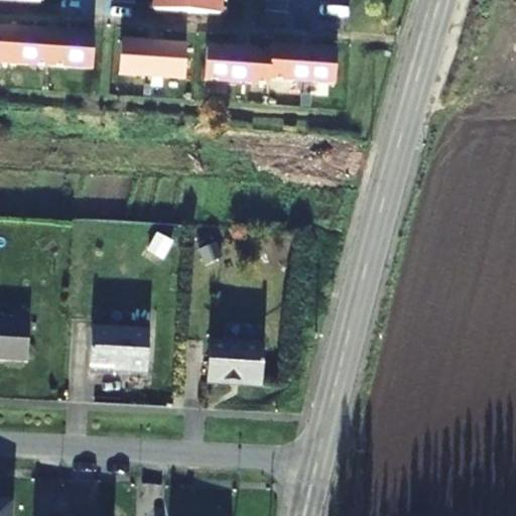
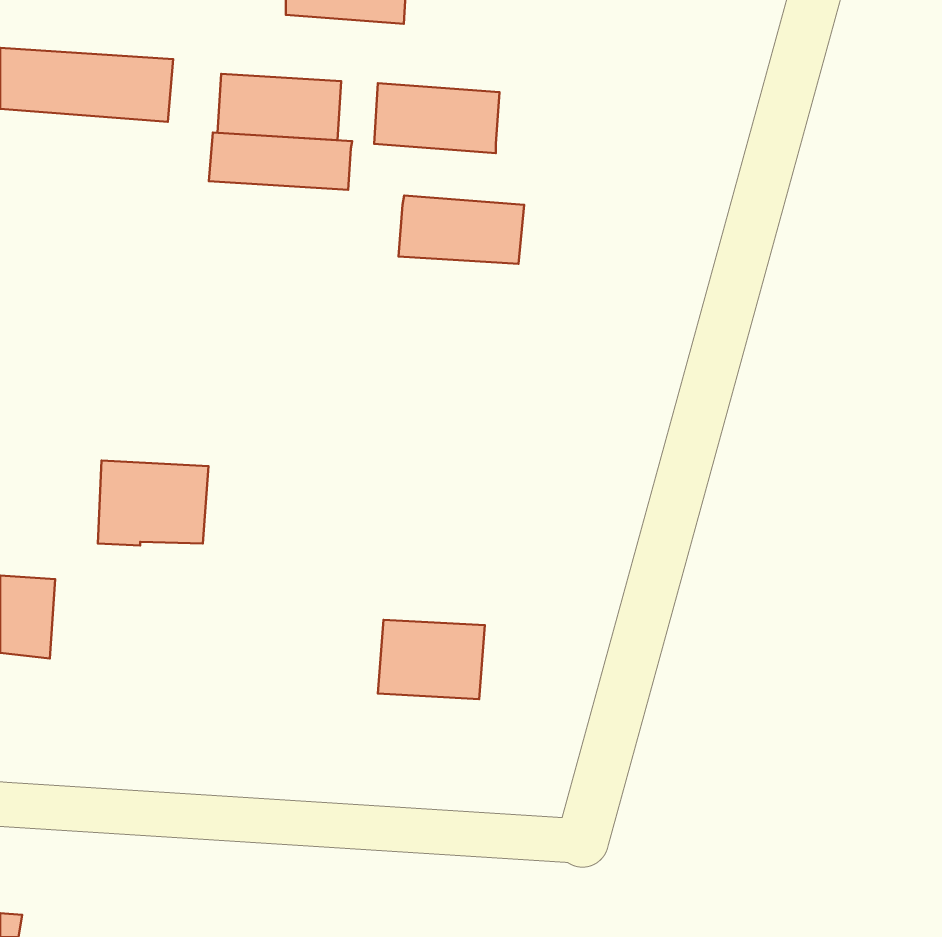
building: [271,45,340,83] -> [399,196,524,264]
building: none -> [209,133,352,190]
building: [90,325,150,371] -> [98,461,208,545]

